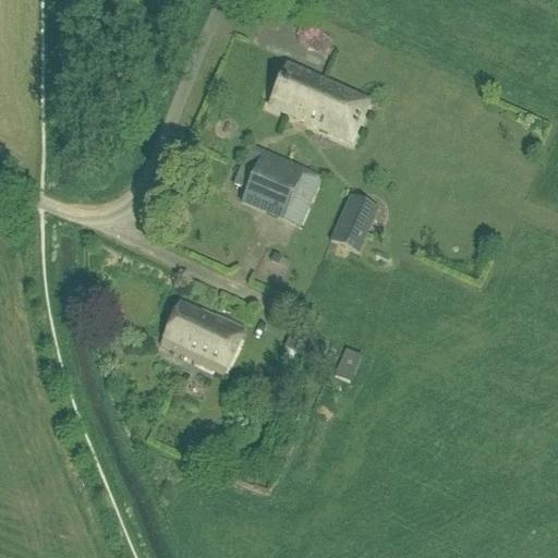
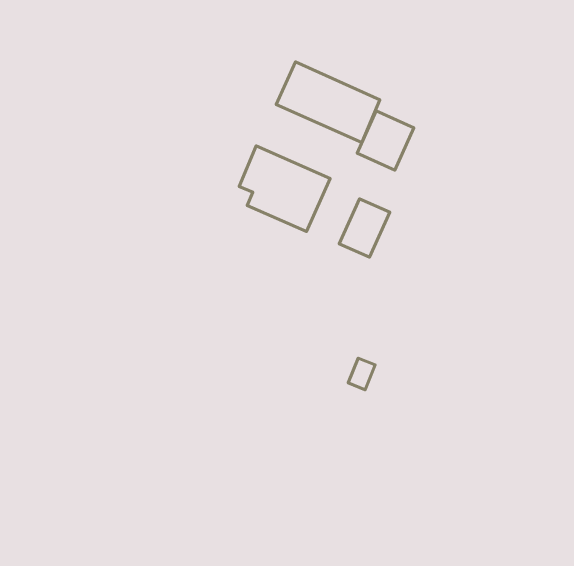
building: none -> [357,111,414,170]
building: [160,303,246,374] -> none

